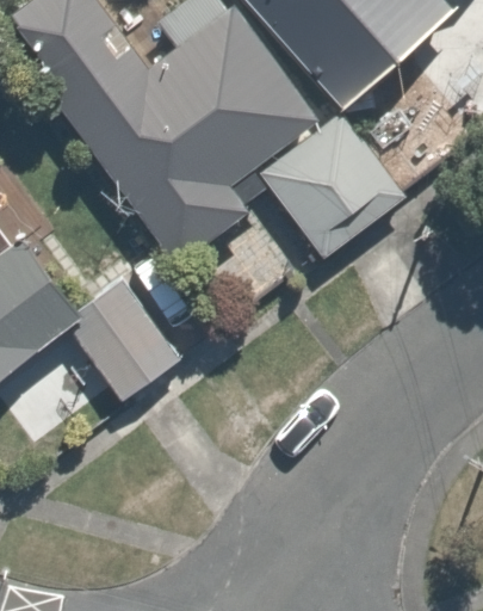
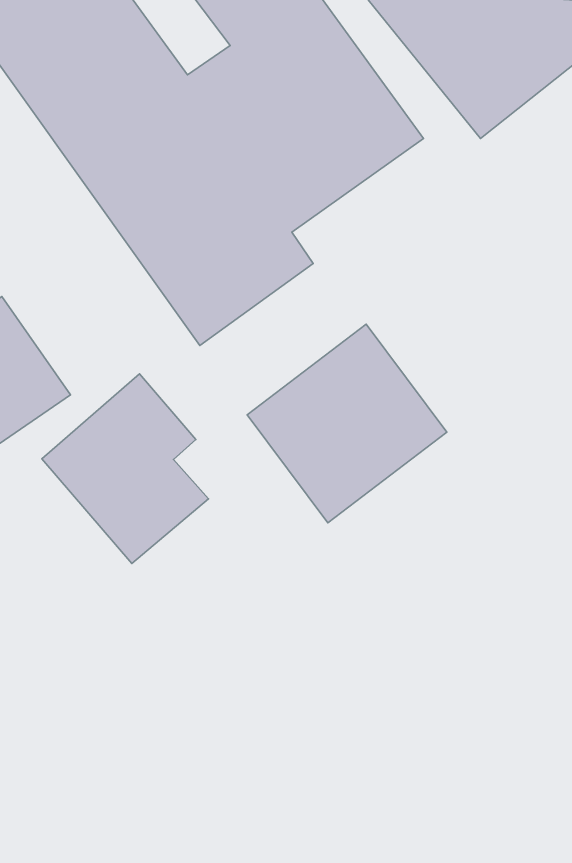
building: [267,113,402,248] -> [247,324,447,523]

